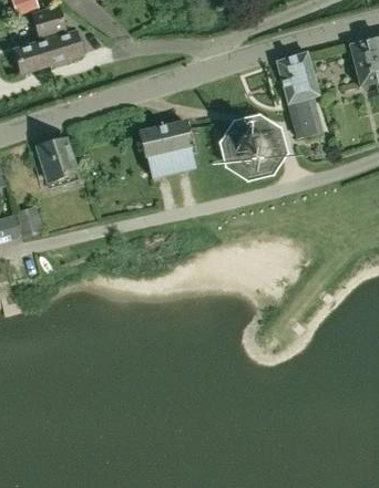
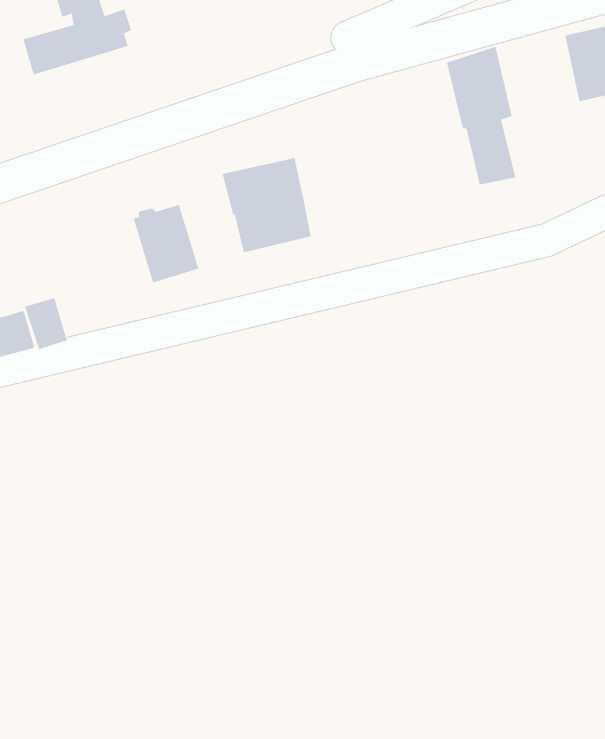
building: [234,128,273,167] -> none
building: [37,137,78,186] -> [133,204,199,283]

